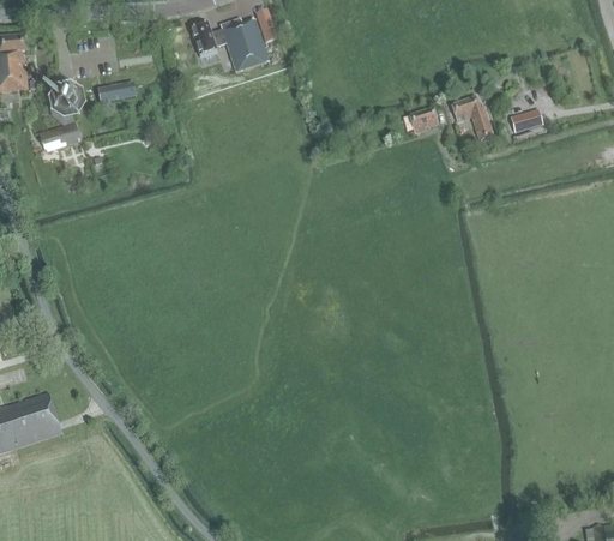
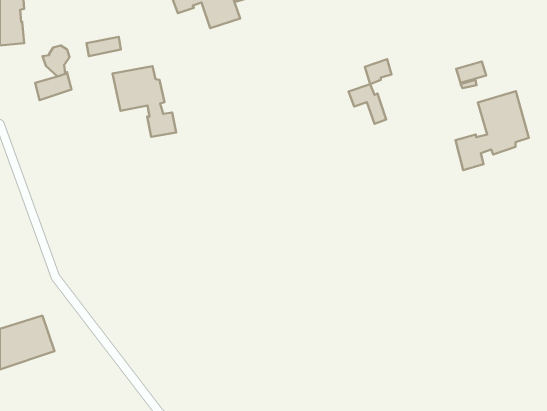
building: [451,96,493,140] -> [349,84,386,124]
building: none -> [113,66,176,137]
building: none -> [455,91,529,170]

